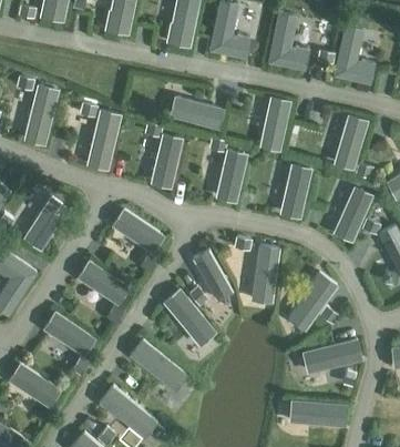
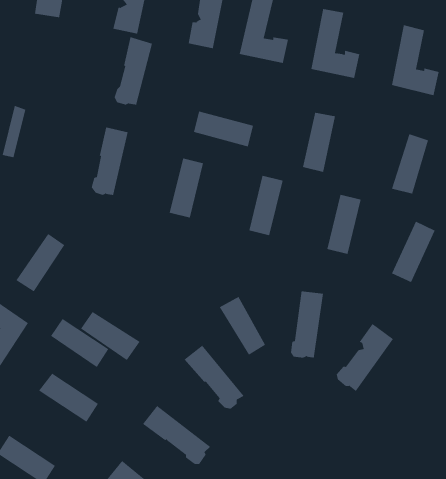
building: [24,85,57,142] -> [114,37,153,105]
building: [114,211,163,252] -> [50,318,109,368]
building: [305,341,361,373] -> none

